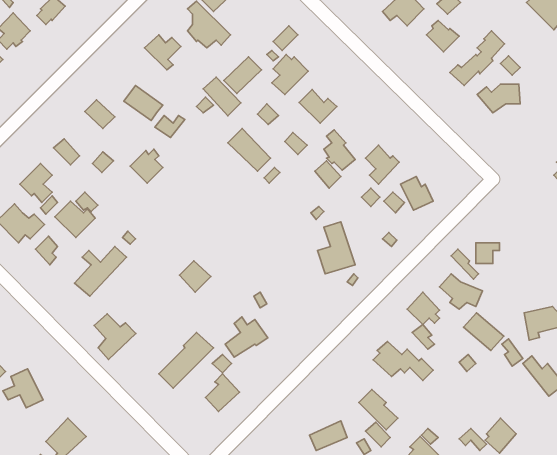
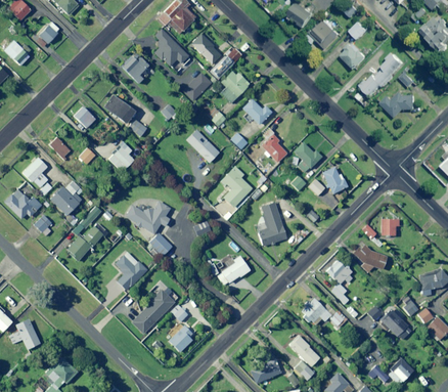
building: [203,77,241,116] -> [191,34,221,64]
building: none -> [220,165,252,207]
building: none -> [125,201,170,234]
building: [464,313,504,351] -> [379,310,411,340]
building: [94,314,136,359] -> [114,255,146,291]
building: [225,317,268,357] -> [216,254,250,286]

